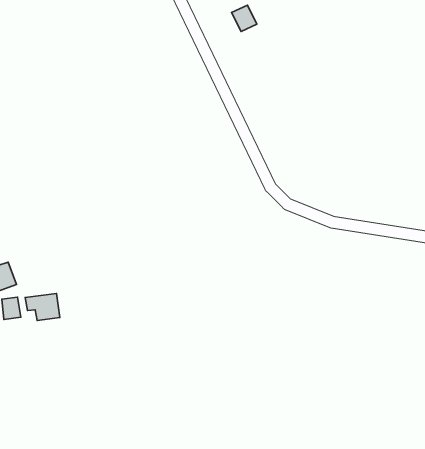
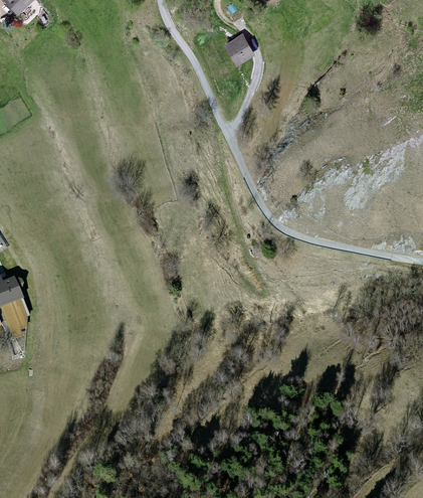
building: [25,294,60,320] -> none

